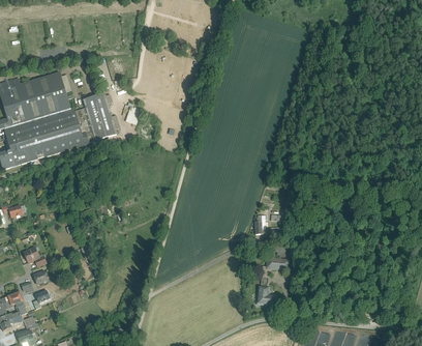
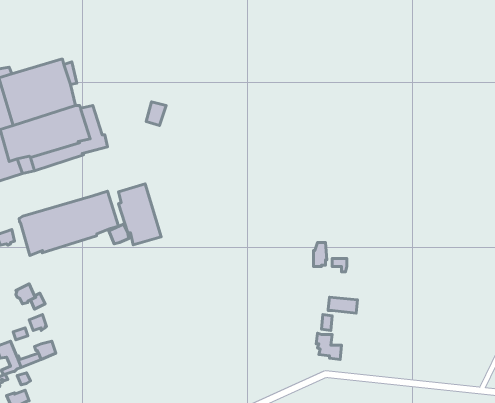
building: [83,92,116,140] -> [118,184,161,245]
building: none -> [19,191,119,256]

